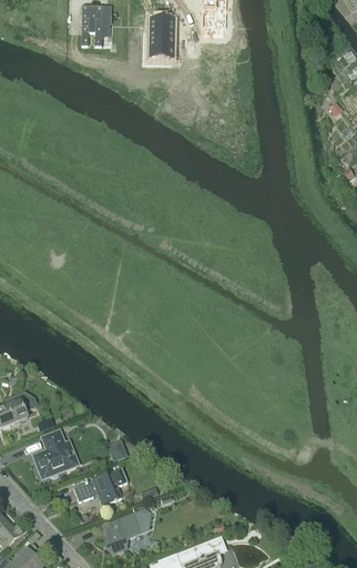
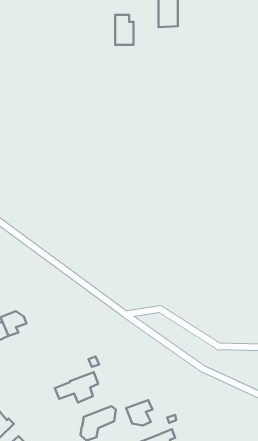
building: [81,7,103,48] -> none
building: [35,429,73,477] -> none
building: none -> [126,400,152,425]

